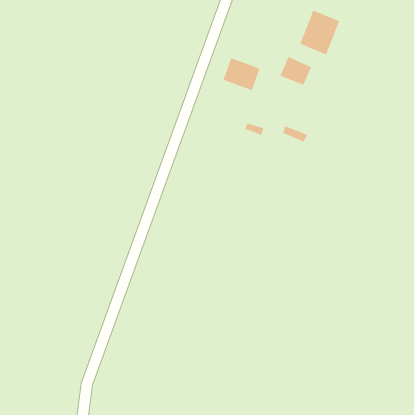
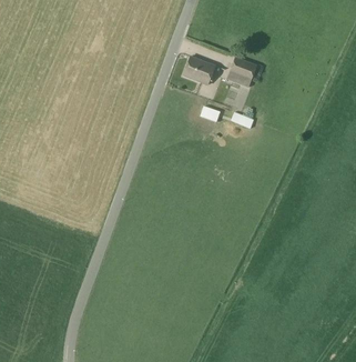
building: [299,10,340,55] -> none

